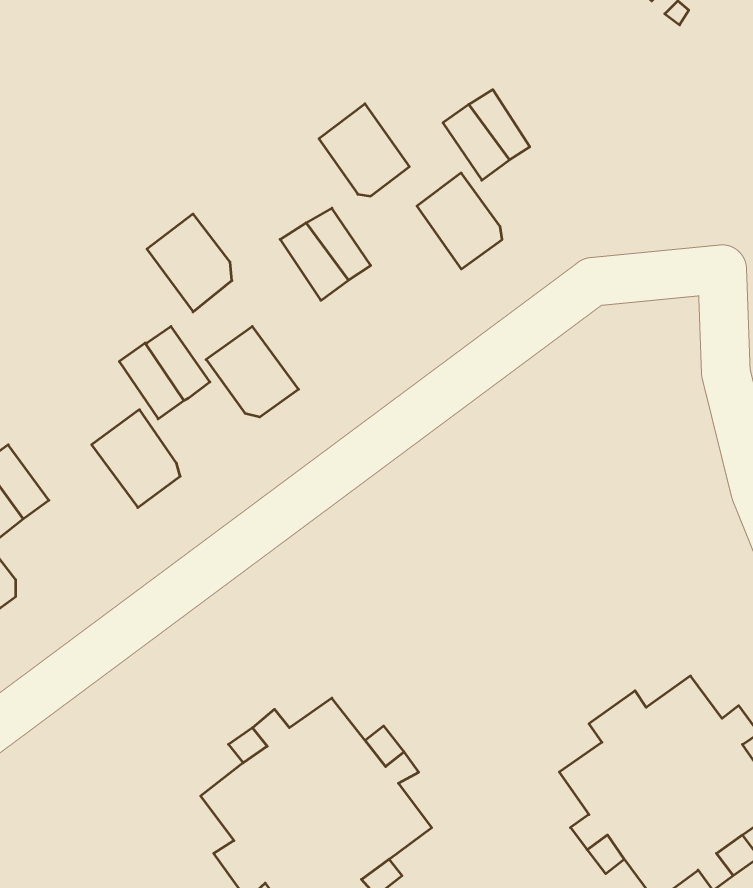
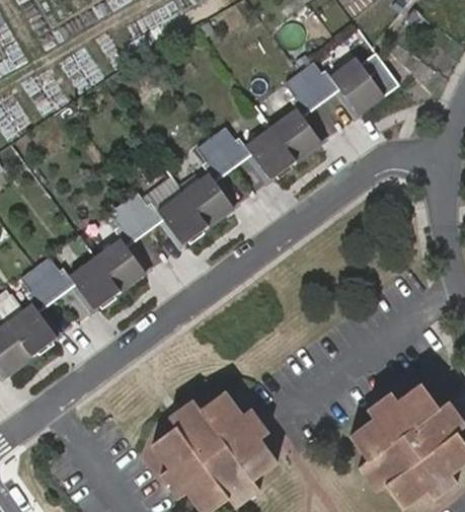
building: none -> [330,50,399,113]
building: [319,104,409,196] -> [246,126,296,176]
building: [147,214,232,312] -> [181,172,228,226]
building: none -> [68,257,119,306]

